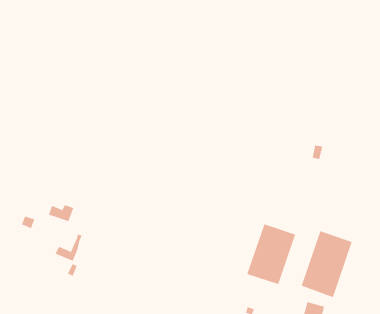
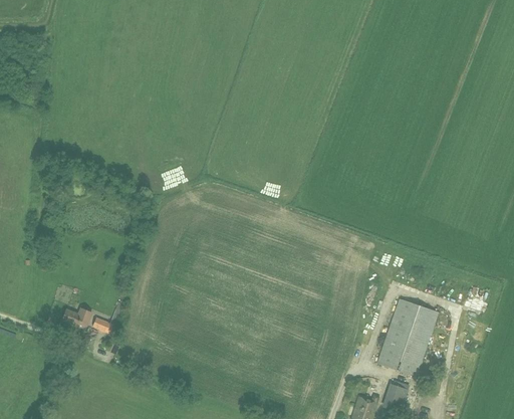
building: [48,204,74,222] -> [61,307,91,328]
building: [247,223,296,285] -> none

